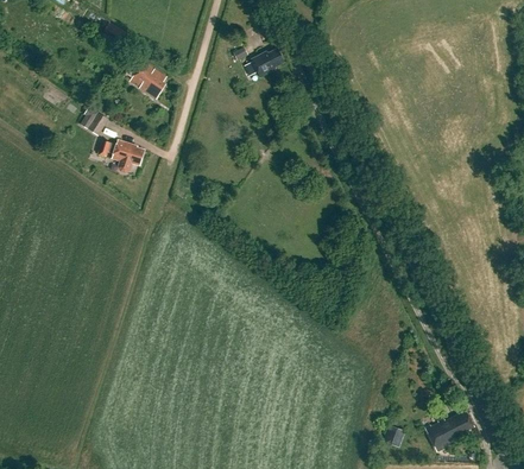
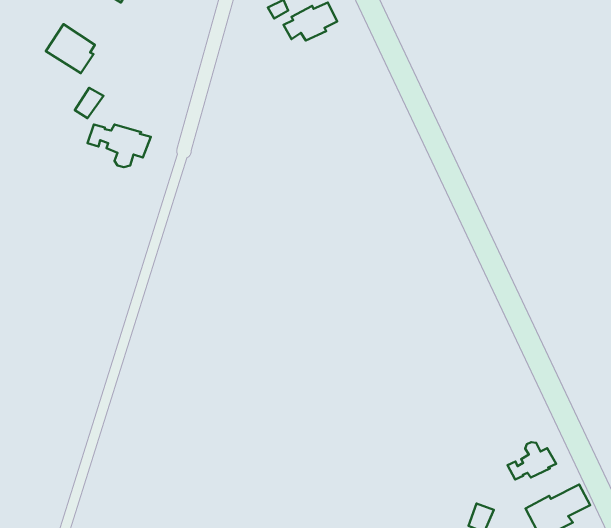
building: [131,61,168,97] -> [46,24,95,73]
building: none -> [508,442,556,480]

